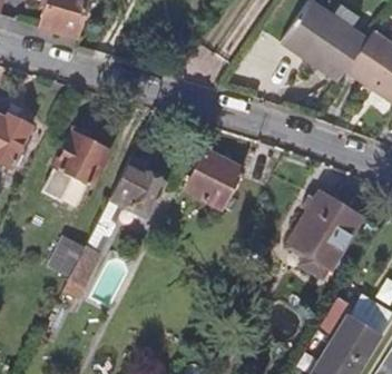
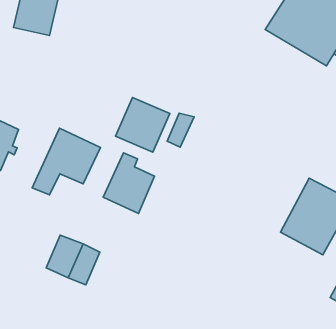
building: [188,150,243,205] -> [115,98,170,152]

